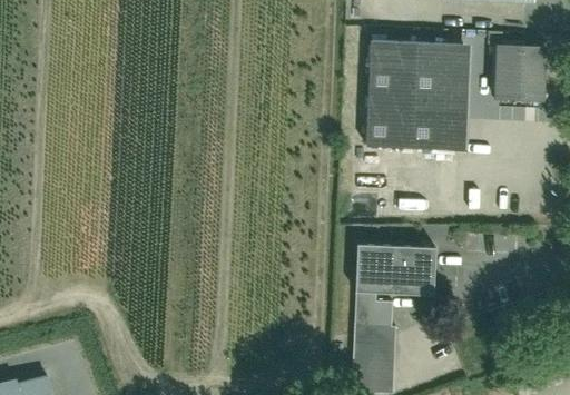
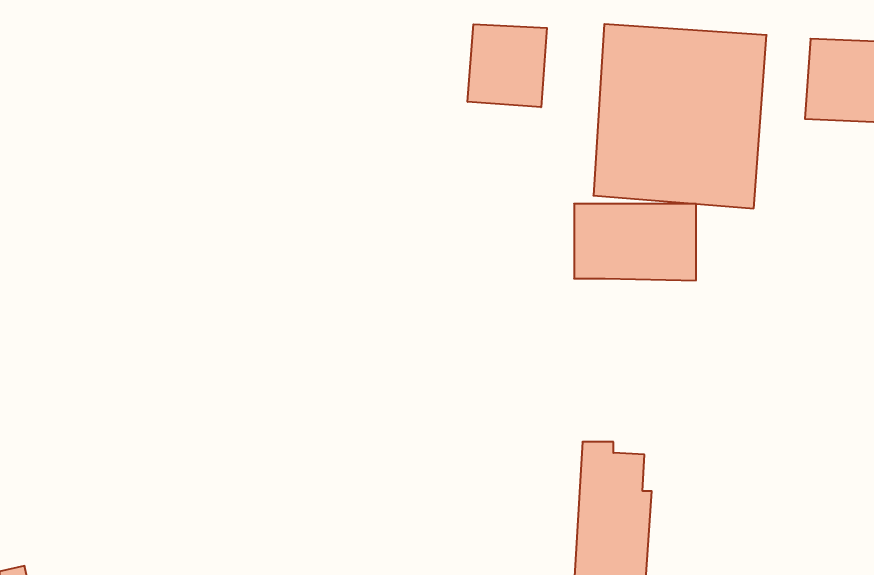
building: none -> [468,24,547,107]
building: [357,250,432,297] -> [574,204,696,280]

